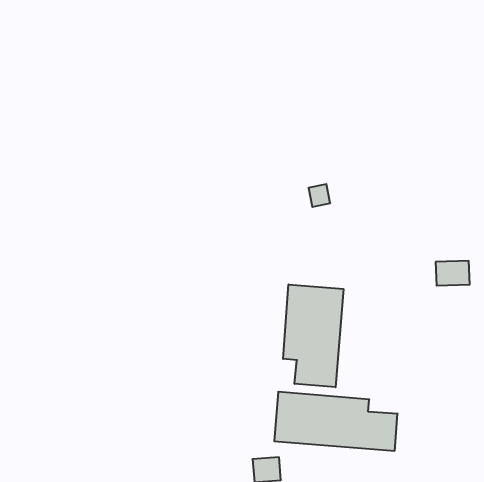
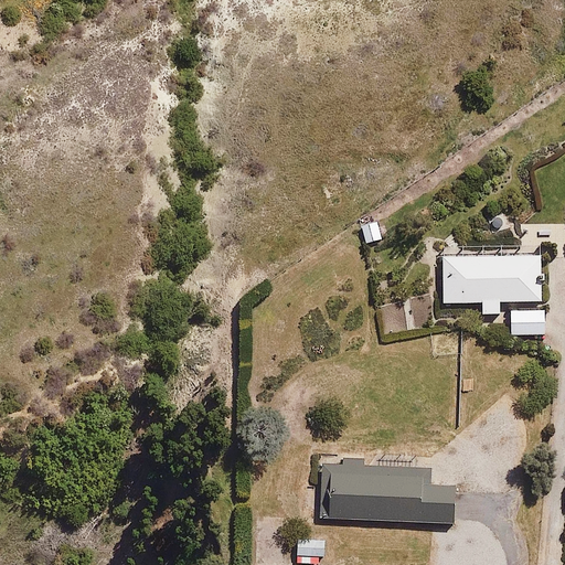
building: none -> [441,253,541,313]
building: [283,284,343,387] -> none

